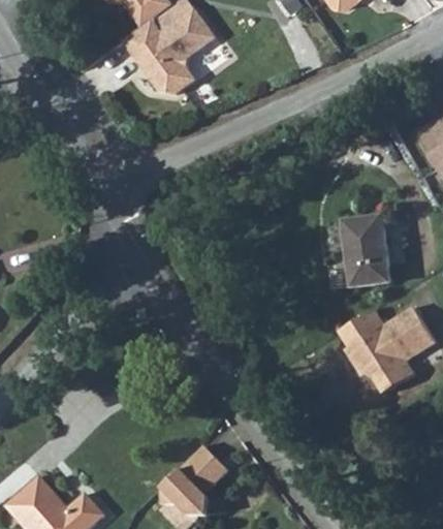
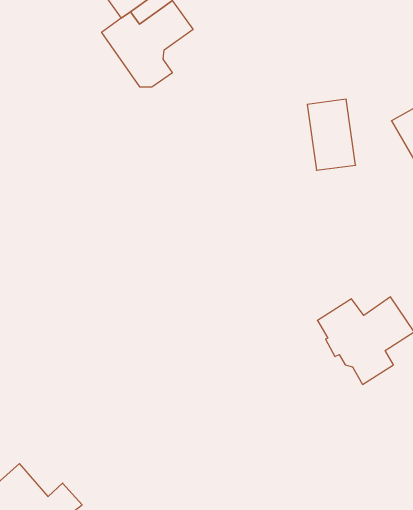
building: [342,218,390,289] -> [307,99,356,170]
building: [159,445,227,515] -> none

